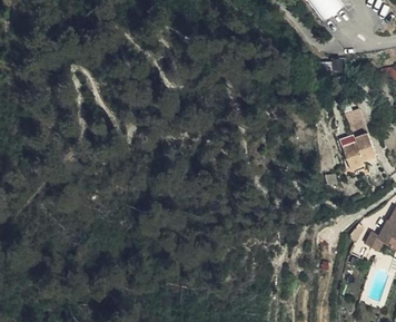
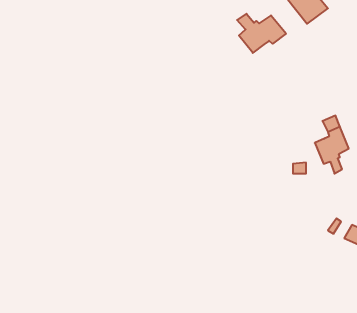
building: none -> [237,14,286,53]

